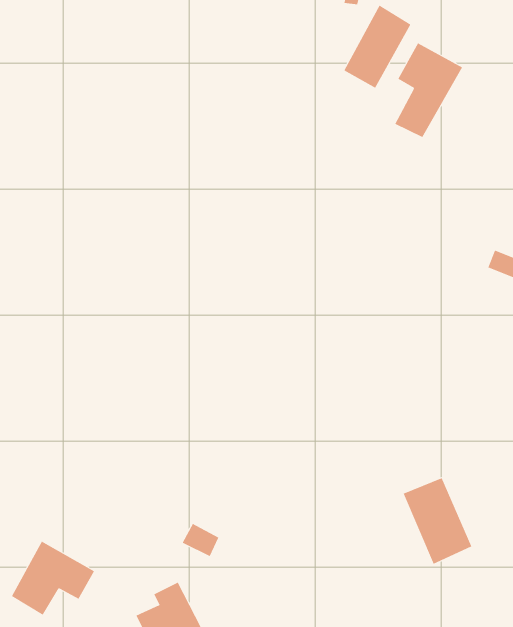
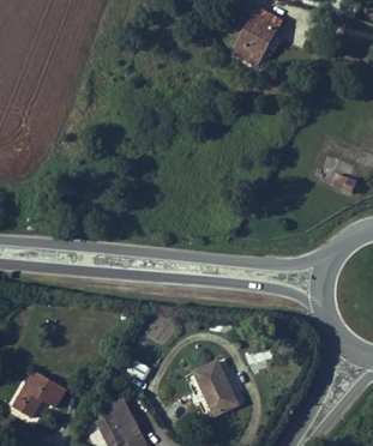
building: [394,42,463,138] -> none
building: [403,477,472,564] -> [192,358,239,417]

